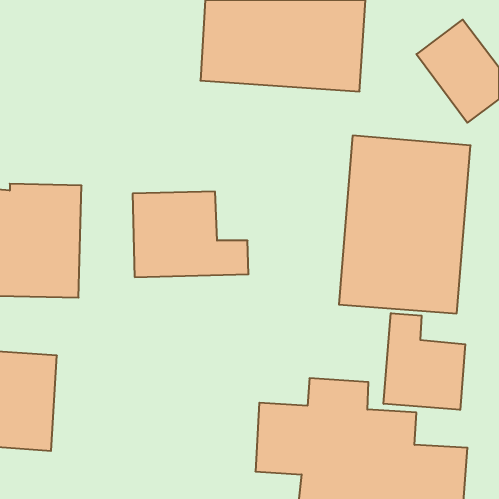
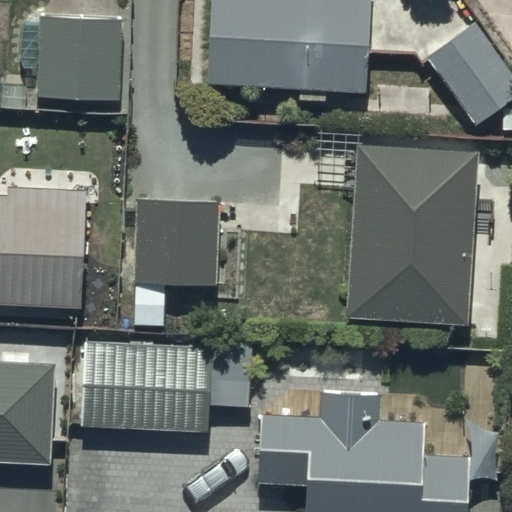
building: none -> [38,18,122,98]
building: [384,313,465,410] -> none
building: none -> [79,337,257,436]

